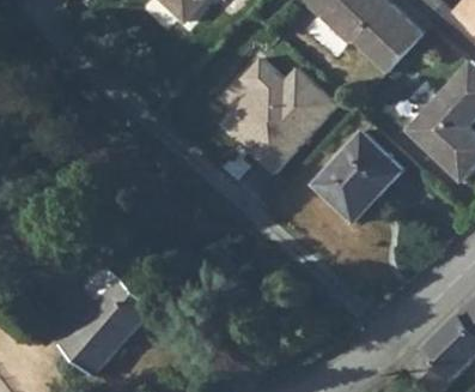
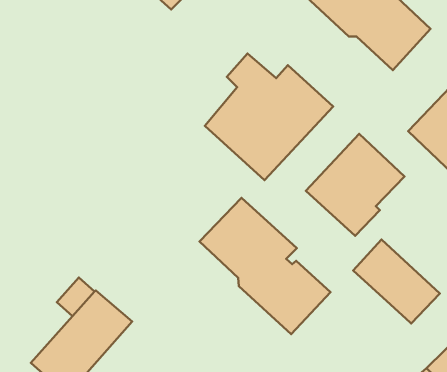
building: none -> [199,198,330,334]
building: none -> [353,239,440,323]

